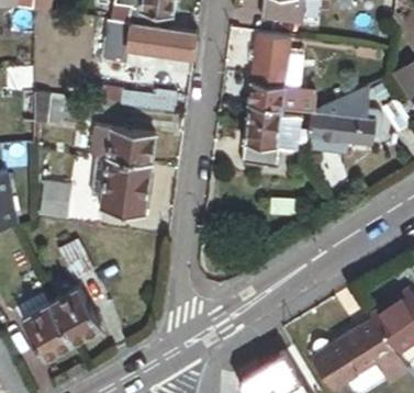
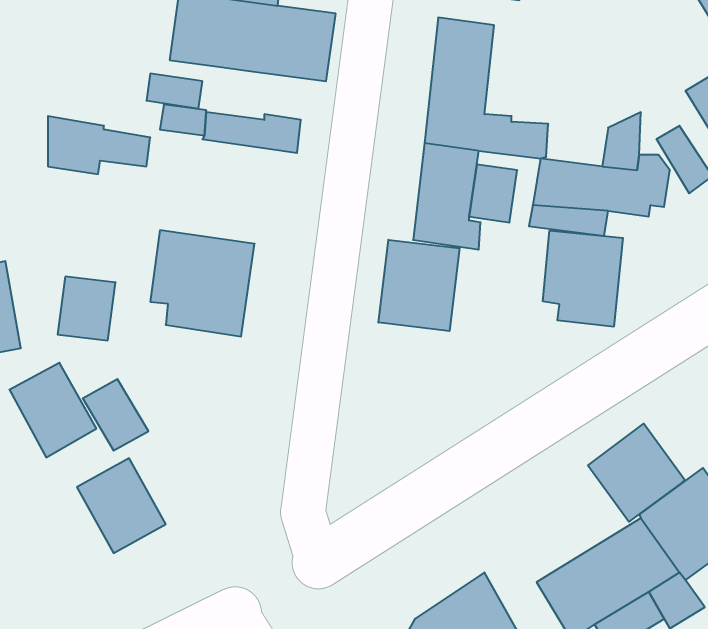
building: [92,127,155,164] -> none
building: none -> [543,231,623,327]
building: none -> [378,240,459,331]
building: none -> [588,424,685,522]
building: [21,302,70,356] -> [9,363,96,457]

